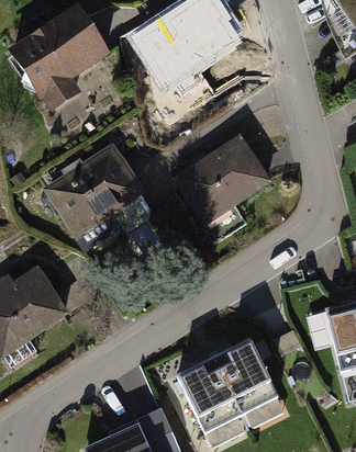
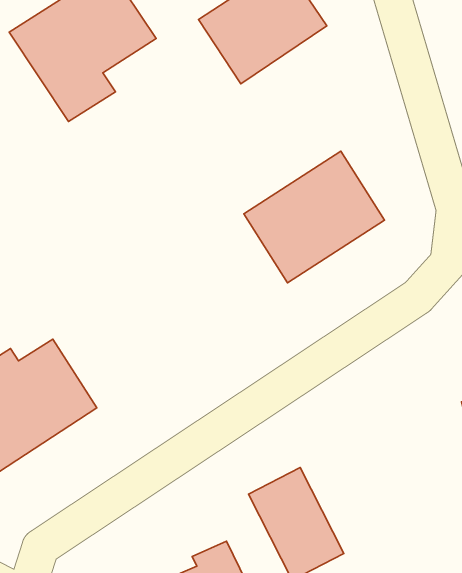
building: [43,142,147,251] -> none
building: [213,338,280,416] -> none

